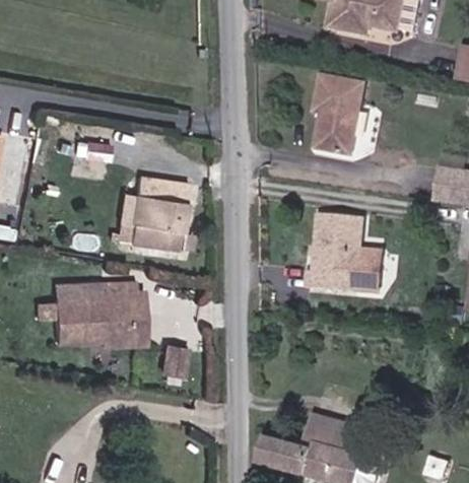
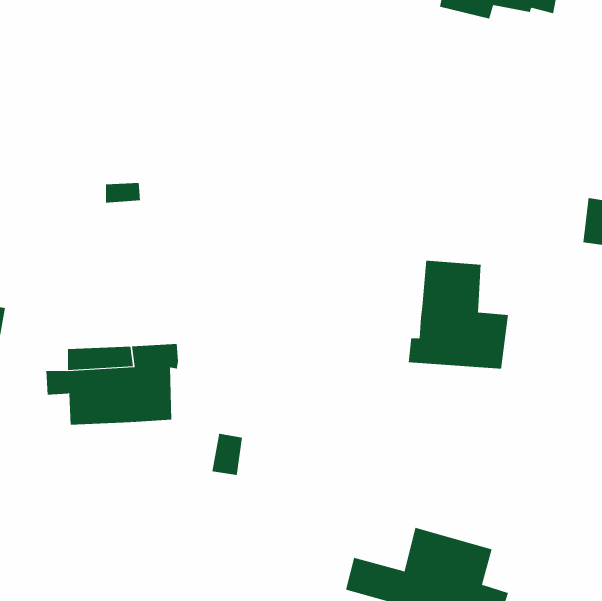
building: [315,78,365,158] -> none
building: [128,177,187,250] -> none
building: [102,292,144,346] -> none

